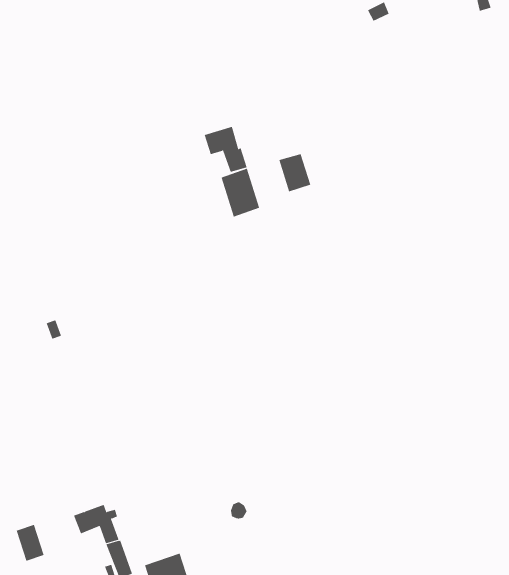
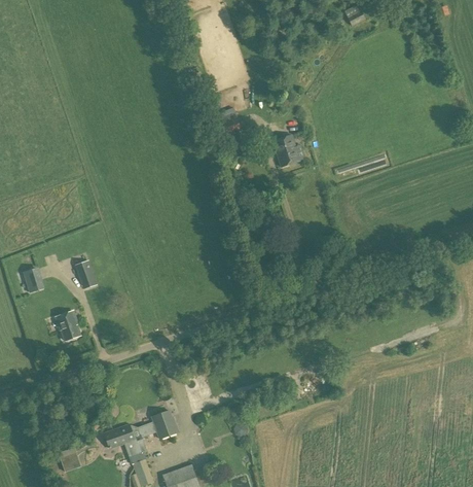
building: [221,168,260,217] -> none
building: none -> [54,310,79,341]
building: none -> [138,410,177,438]

